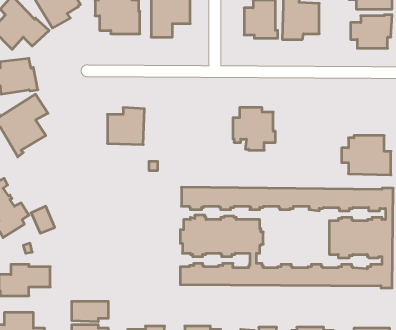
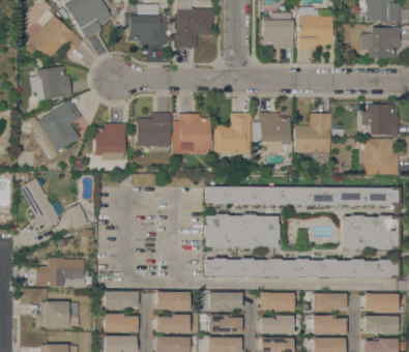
building: none -> [362,104,398,135]
building: none -> [214,112,252,152]
building: none -> [173,113,210,153]
building: none -> [294,113,331,163]
building: none -> [94,122,126,159]
building: none -> [155,291,189,310]
building: none -> [201,292,241,310]
building: none -> [260,292,293,311]
building: none -> [312,293,346,311]
building: none -> [363,293,398,312]

